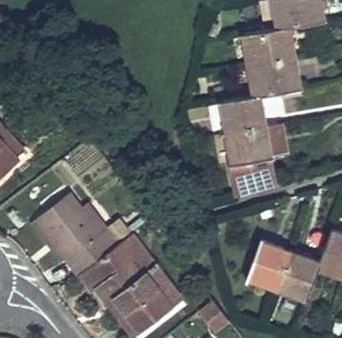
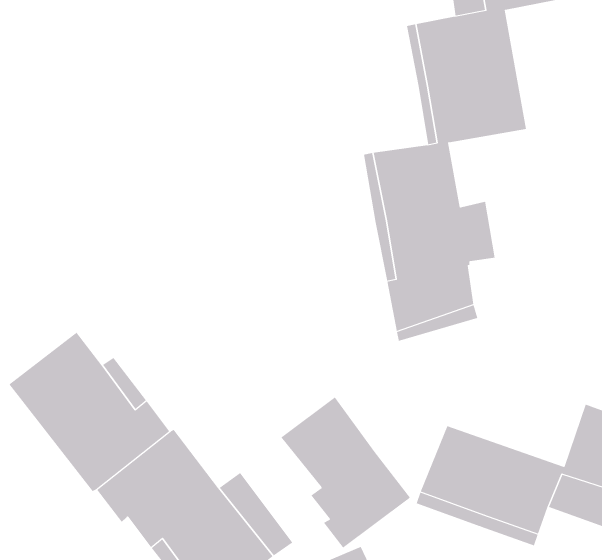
building: none -> [281,396,410,549]

